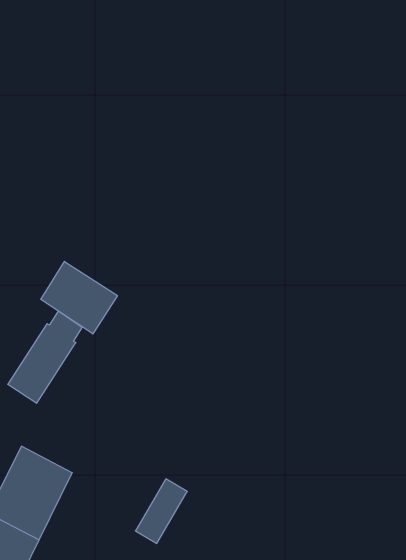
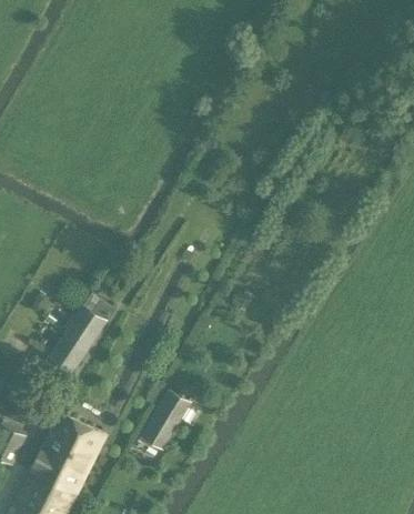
building: [41,261,117,334] -> none
building: [135,479,187,543] -> [143,393,189,450]

